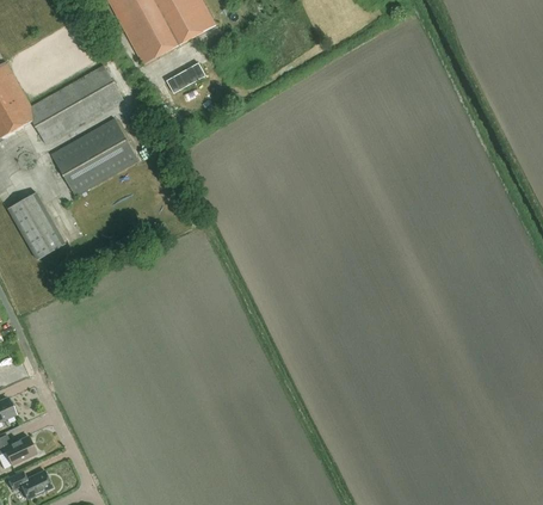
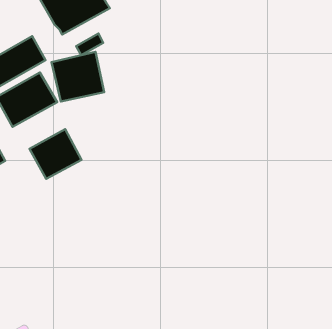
building: none -> [52,52,104,102]
building: none -> [30,129,81,179]

